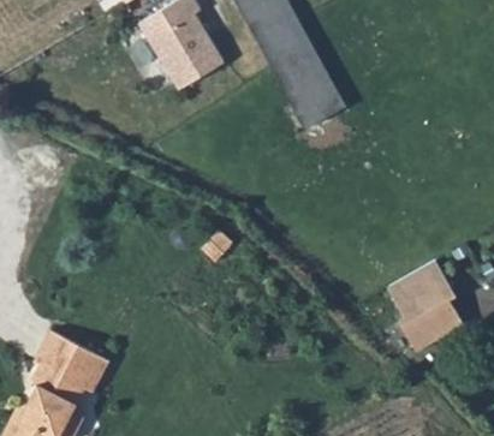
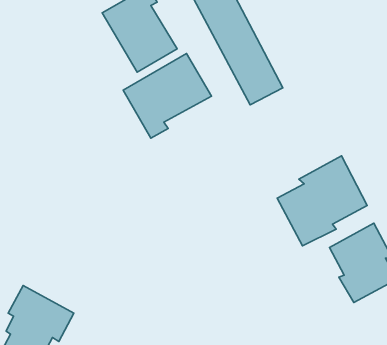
building: none -> [123,54,211,138]
building: none -> [277,156,367,246]

